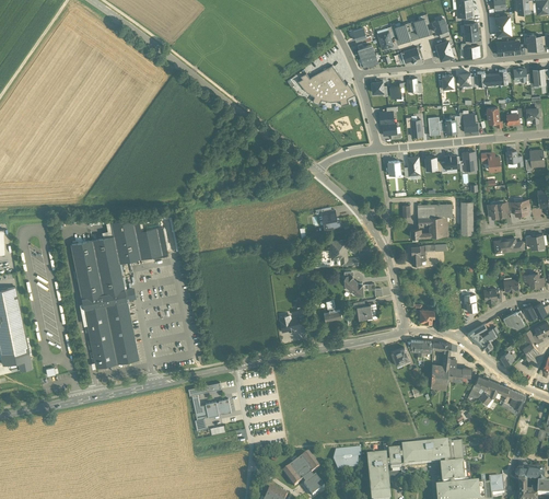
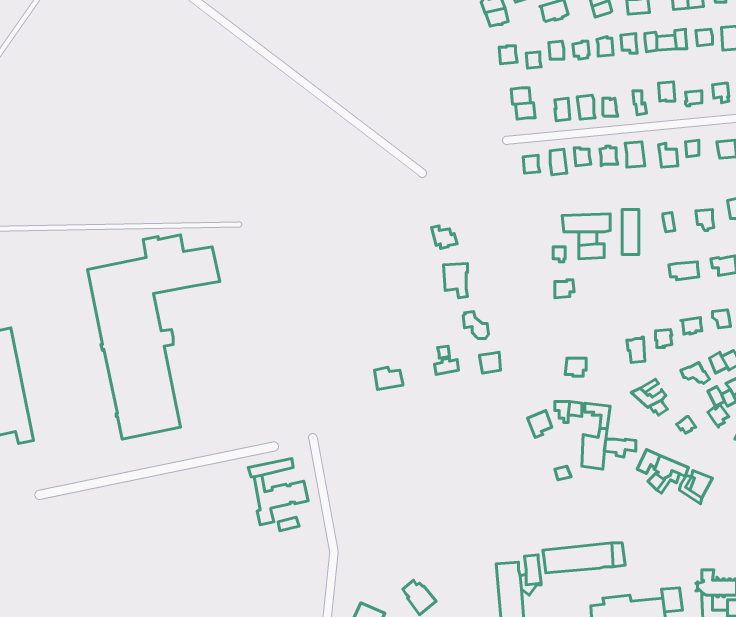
building: [296,65,355,105] -> none
building: [332,449,360,468] -> none
building: [282,452,318,486] -> none
building: [441,464,469,485] -> none

